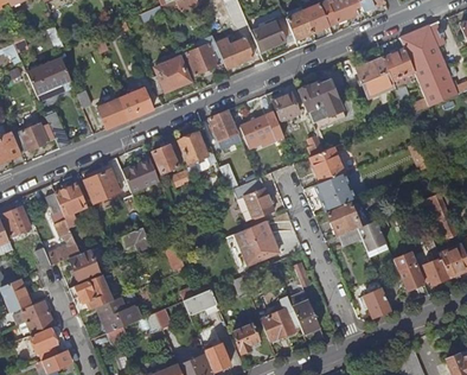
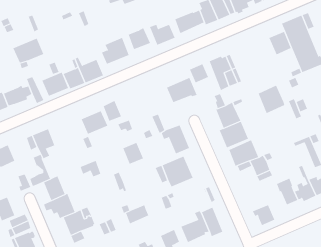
building: [357,58,395,98] -> [258,85,285,114]
building: [210,110,238,141] -> none
building: [178,133,207,164] -> [122,142,144,165]
building: [83,170,121,204] -> [42,72,69,97]

